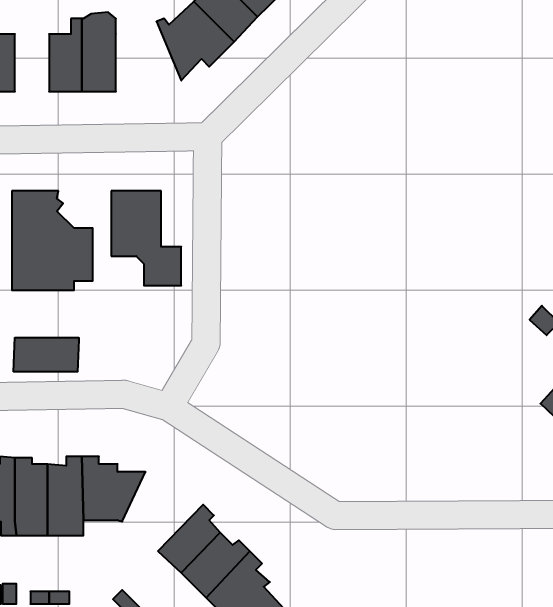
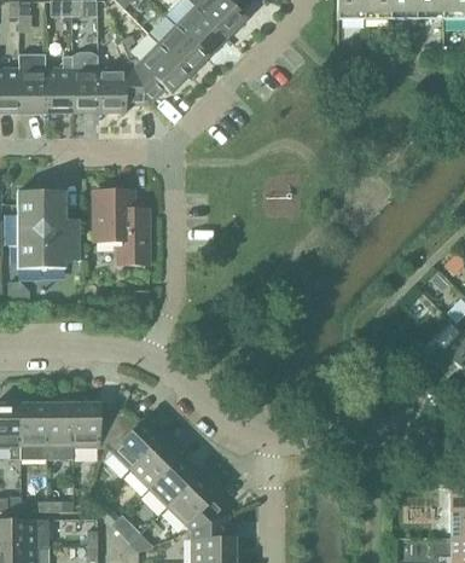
building: none -> [18,56,46,114]
building: none -> [98,59,149,114]
building: [14,338,79,372] -> none
building: none -> [103,410,165,471]

